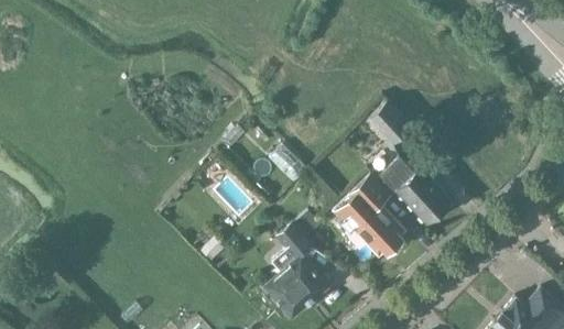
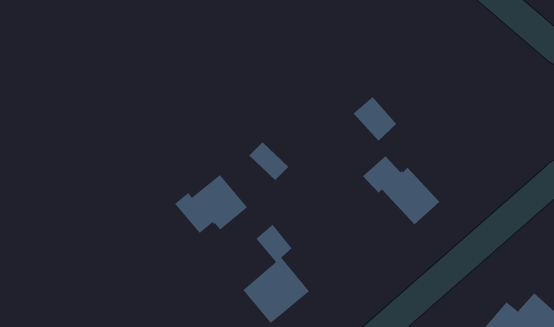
building: [337,174,406,255] -> none
building: none -> [174,174,248,234]

